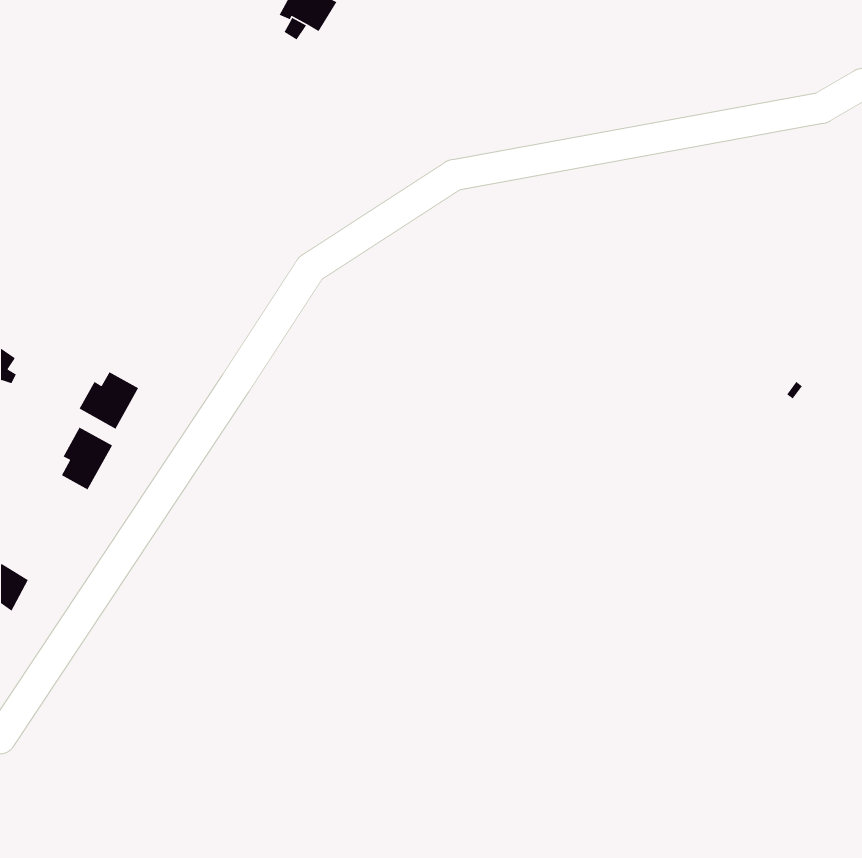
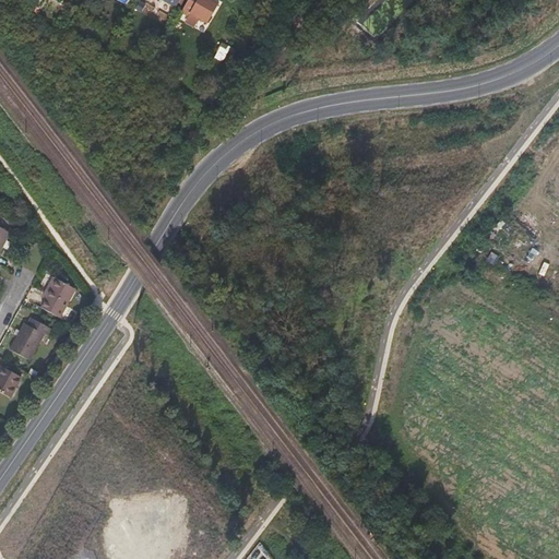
building: [79,371,139,430] -> none
building: none -> [9,317,51,359]

